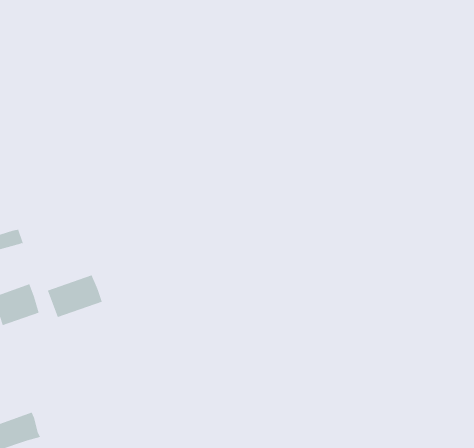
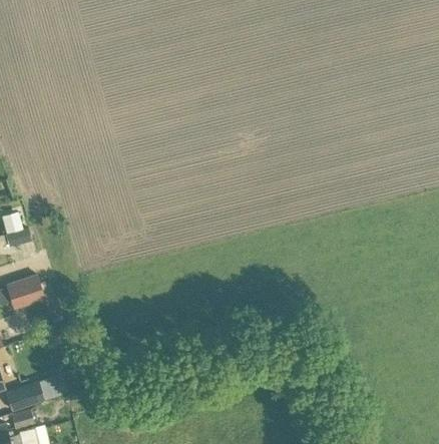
building: [47,274,103,318] -> none

